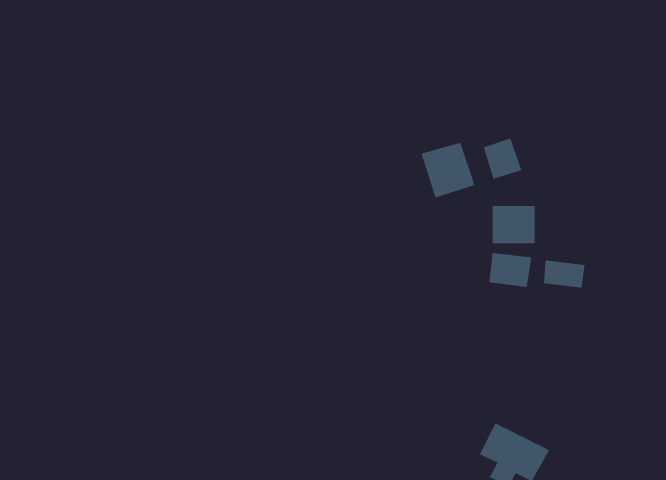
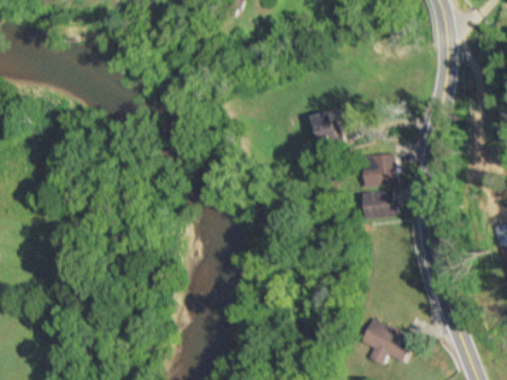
building: [483,137,523,180] -> none
building: [543,260,586,288] -> none

